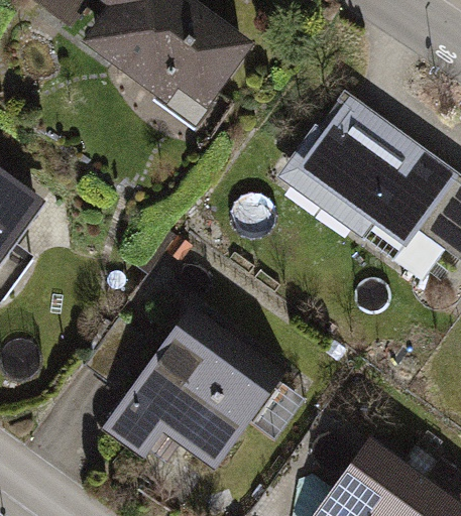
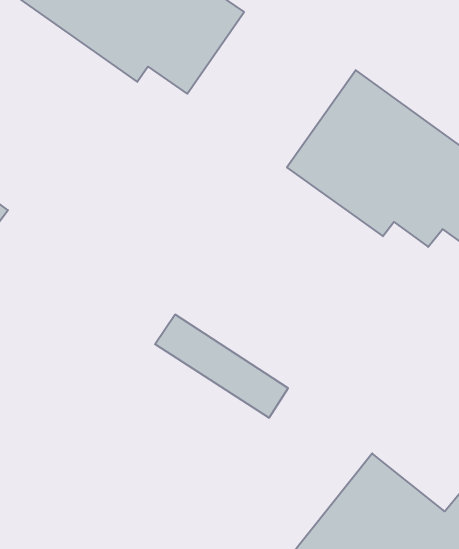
building: [104,330,264,492] -> none

